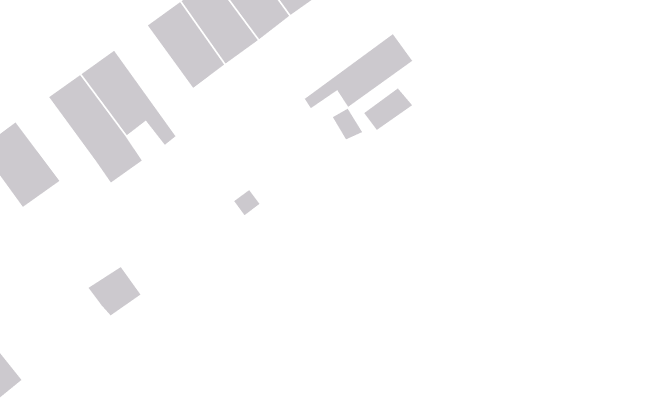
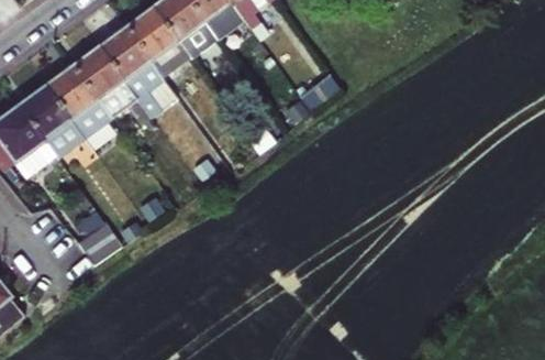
building: none -> [100,25,164,116]
building: [304,33,413,109] -> none
building: none -> [20,84,85,156]

